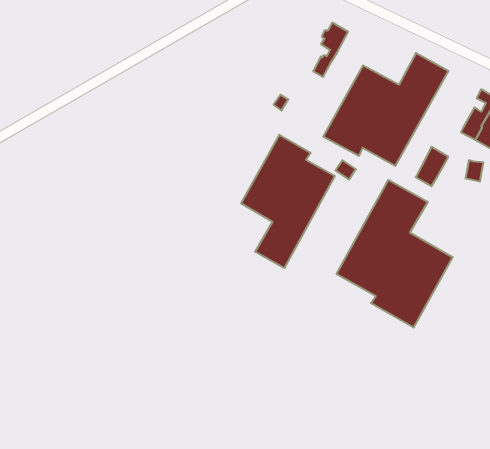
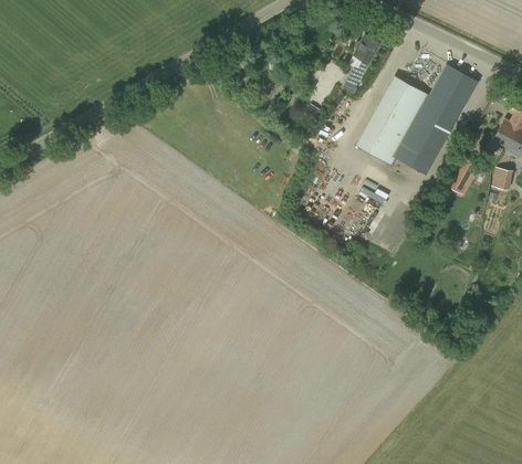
building: [241,135,335,268] -> none
building: [337,180,453,328] -> none

